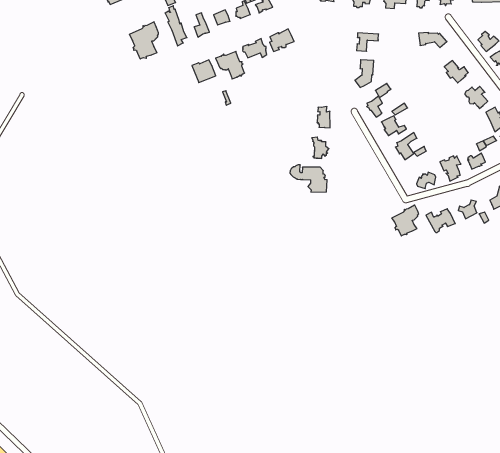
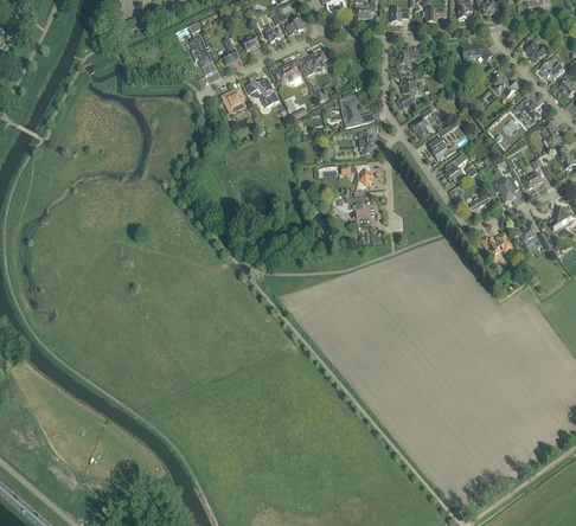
building: [129,22,158,59] -> none
building: none -> [338,94,366,127]
building: [392,205,418,236] -> none

